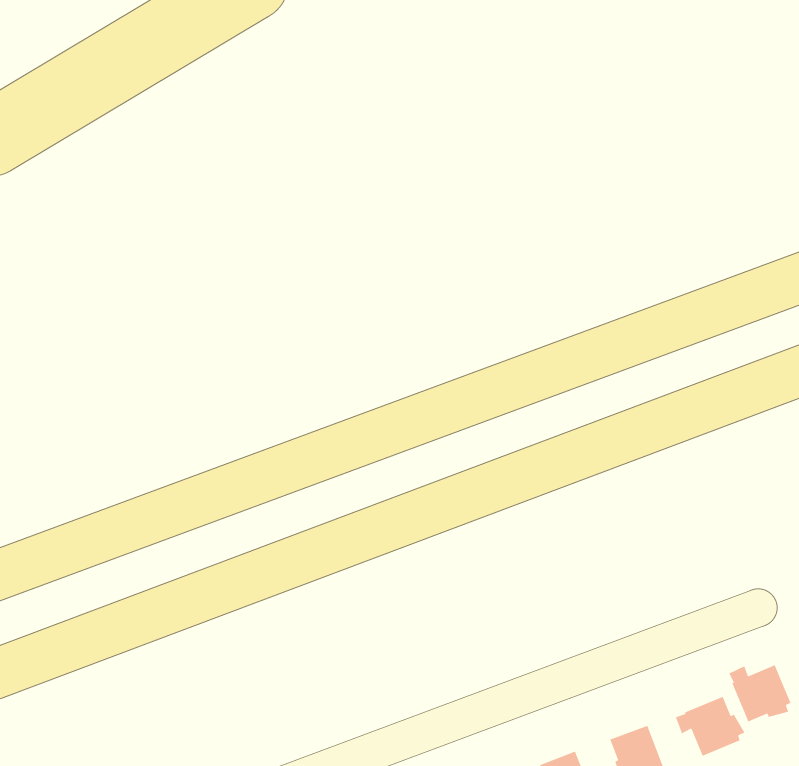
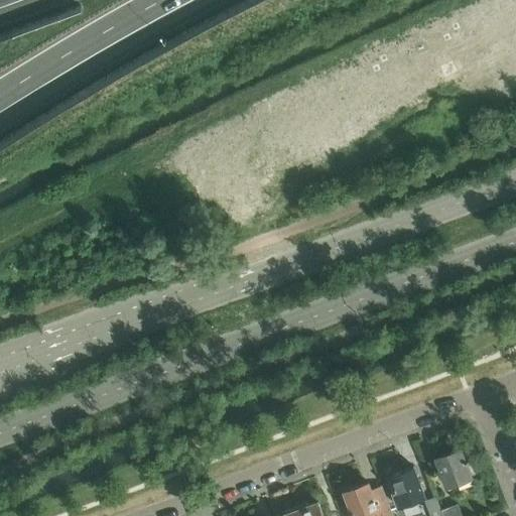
building: [728,664,791,722] -> none

